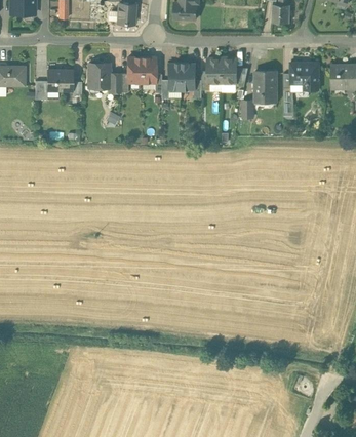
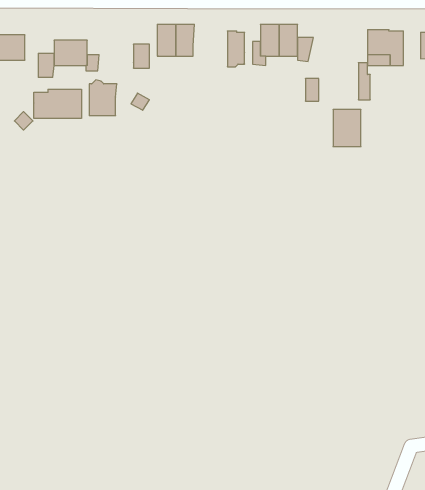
building: [88,61,110,88] -> [89,80,117,116]
building: [167,64,182,91] -> none
building: [254,72,276,101] -> [333,110,361,147]
building: none -> [34,89,81,118]

